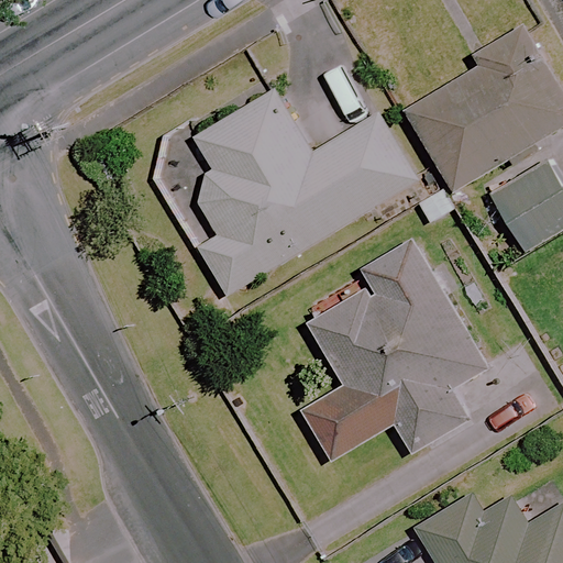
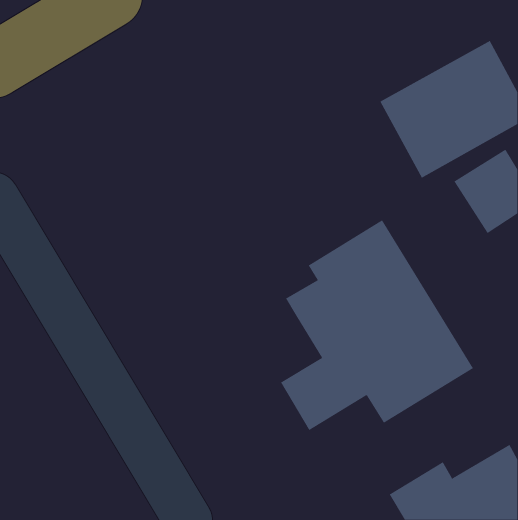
building: [195,91,415,296] -> none

